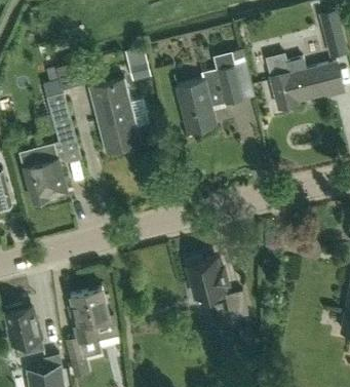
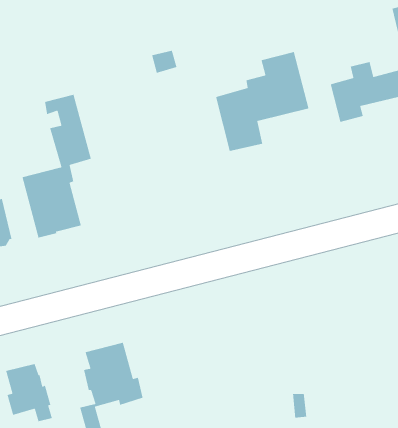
building: [88,79,141,154] -> none
building: [184,258,248,321] -> none

